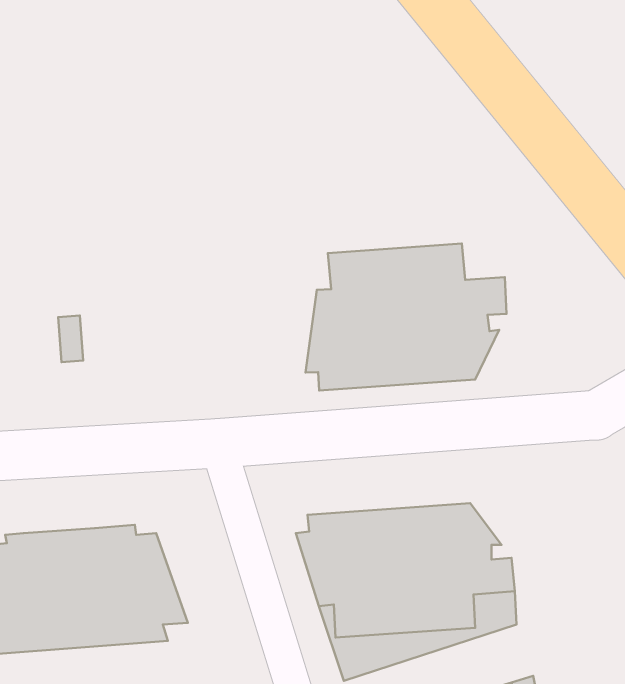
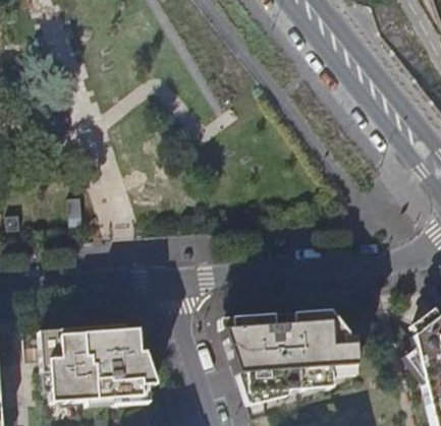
building: [305,243,507,391] -> none

